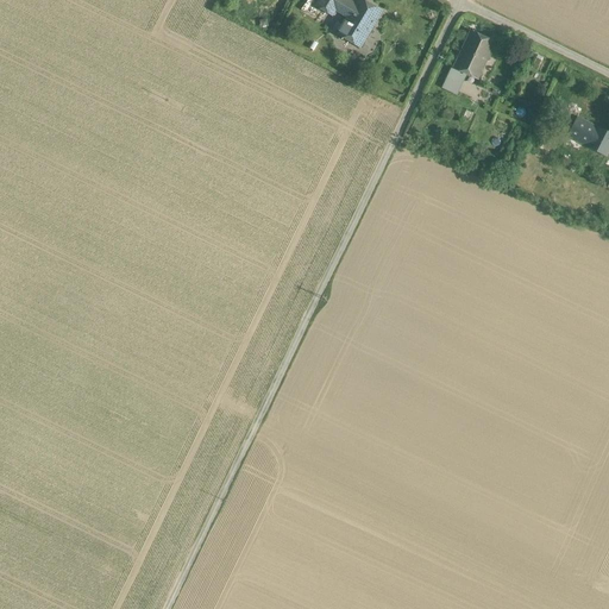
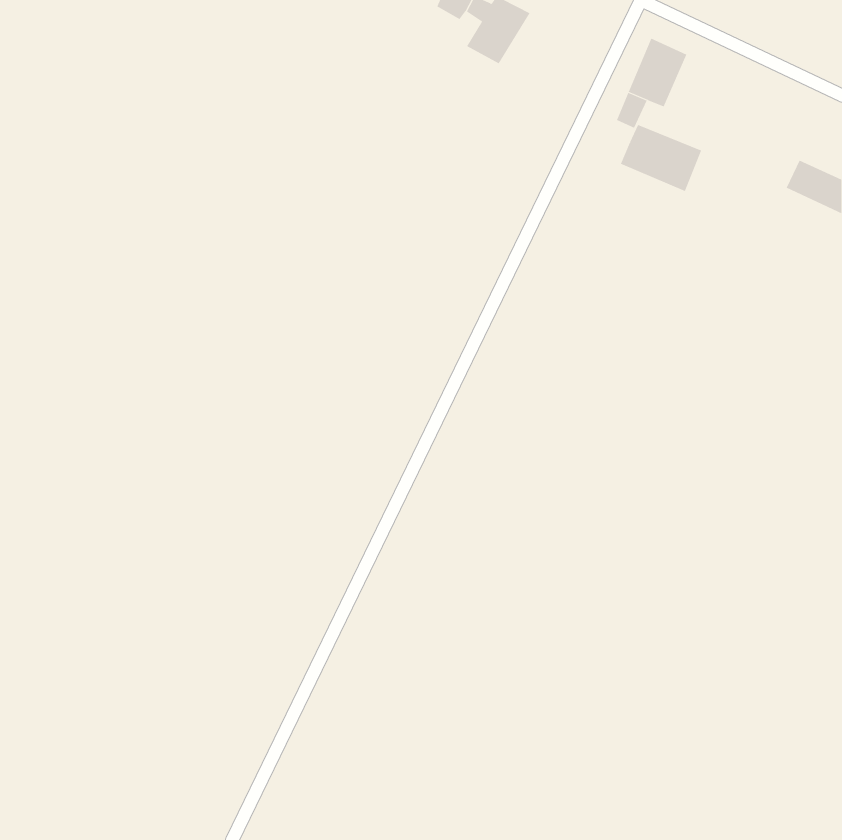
building: none -> [620,124,702,192]

